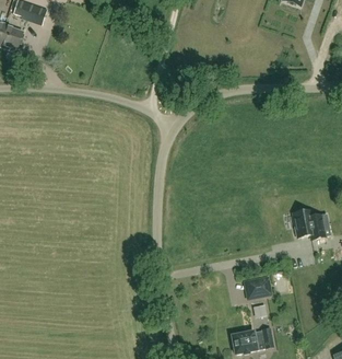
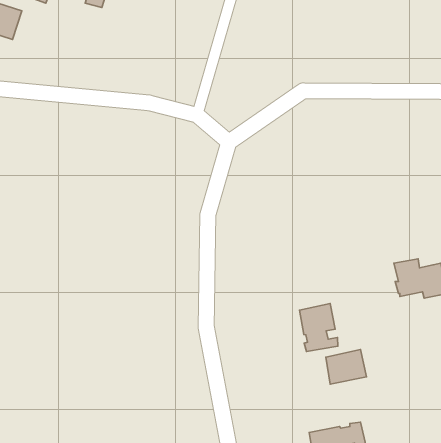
building: none -> [299,304,338,352]

